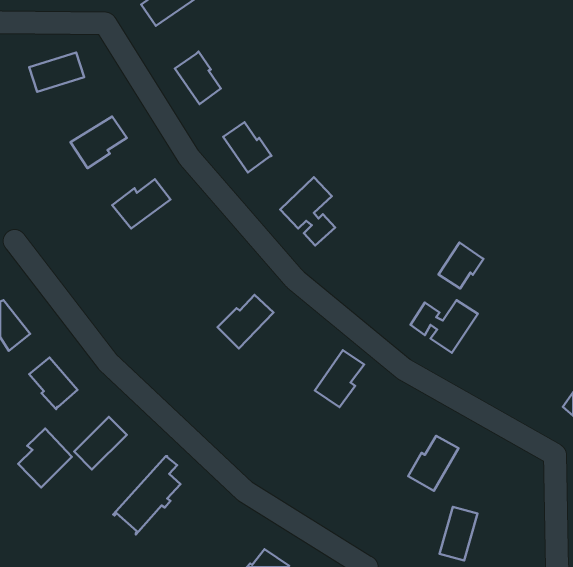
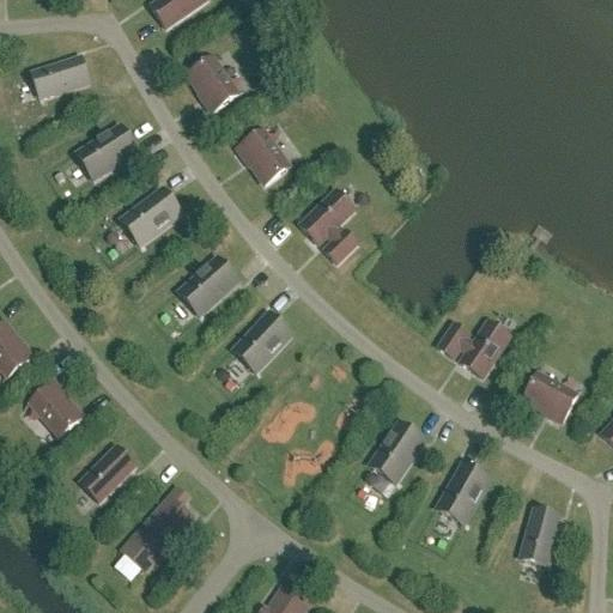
building: none -> [177,256,235,315]
building: [439,243,483,288] -> none
building: none -> [522,371,576,420]
building: [315,350,364,407] -> [369,421,421,482]
building: [18,428,72,488] -> none
building: [439,507,478,561] -> [520,508,560,565]

